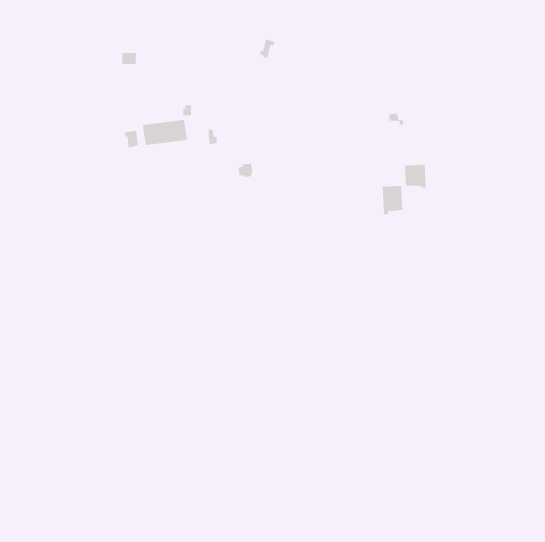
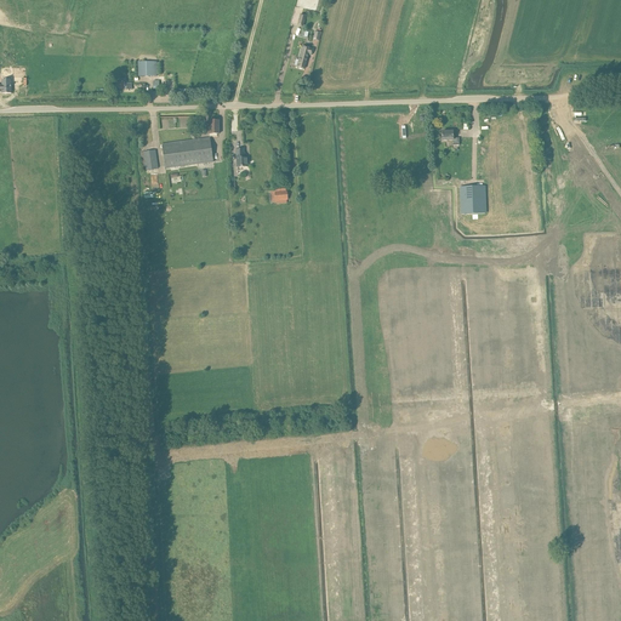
building: [382,185,403,215] -> none

